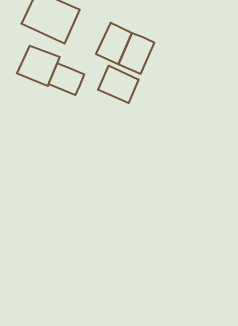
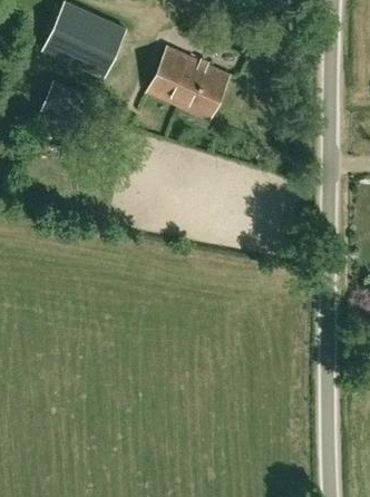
building: [49,63,84,95] -> none
building: [98,66,139,103] -> none

